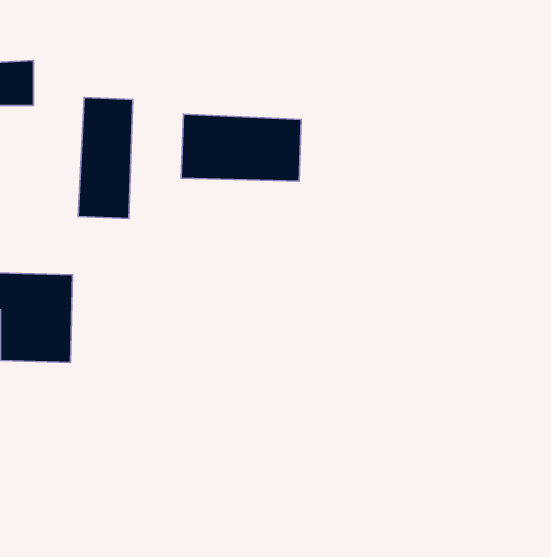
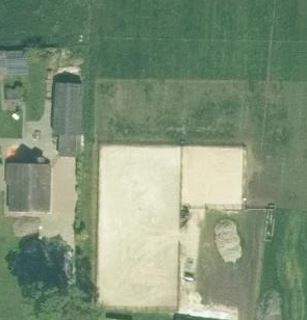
building: [181,114,301,181] -> none

